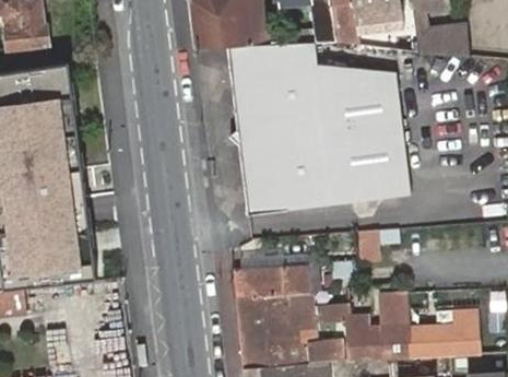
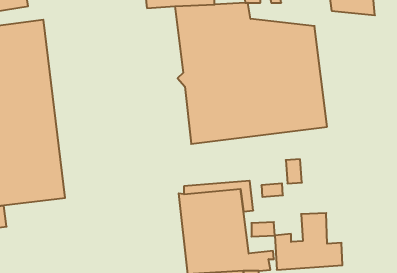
building: [429,316,480,360] -> none

